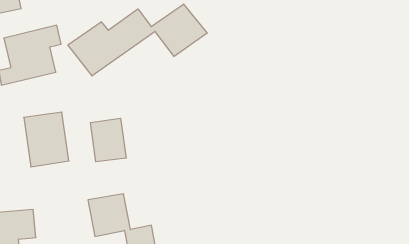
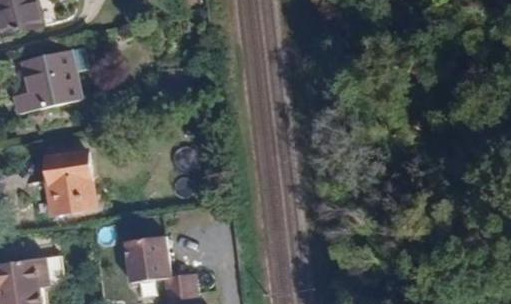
building: [68,4,207,76] -> none
building: [90,118,126,162] -> none

